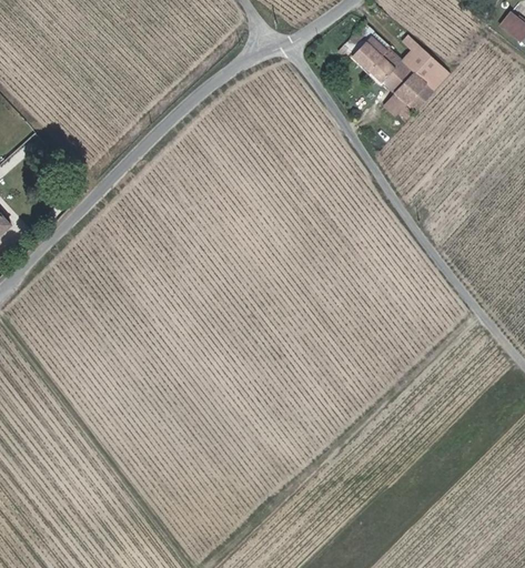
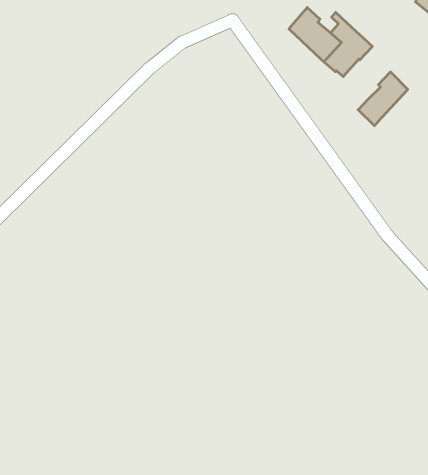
building: none -> [358,72,408,126]

